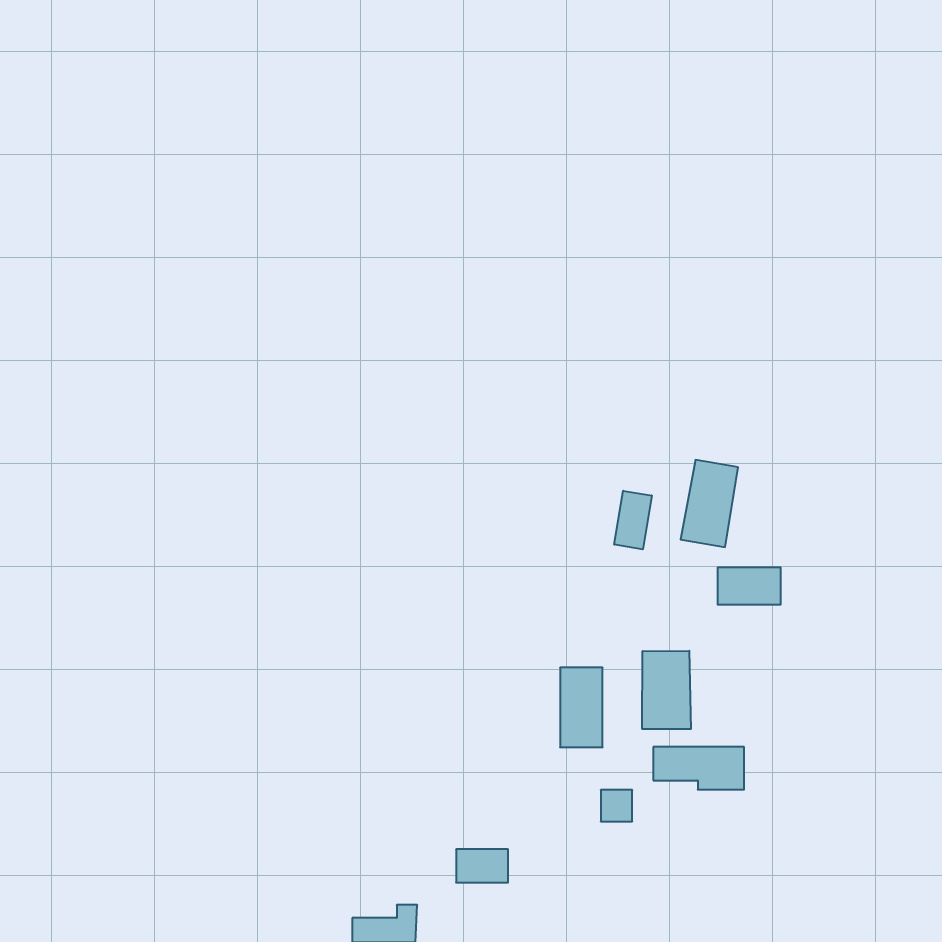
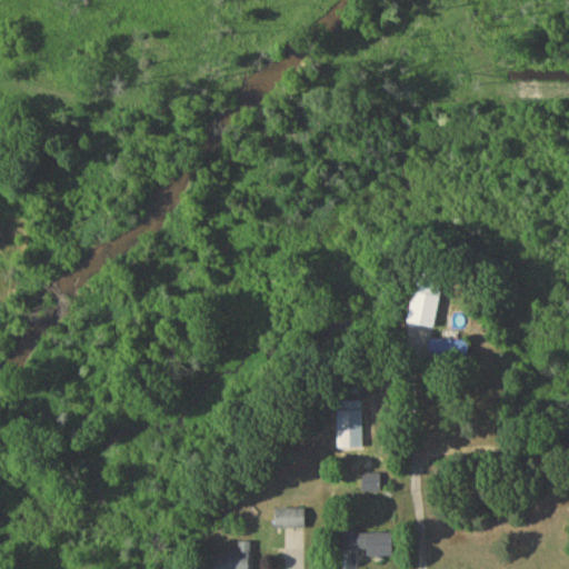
building: [614,491,652,549] -> none
building: [642,651,691,729] -> none
building: [653,747,744,790] -> [339,532,393,558]

